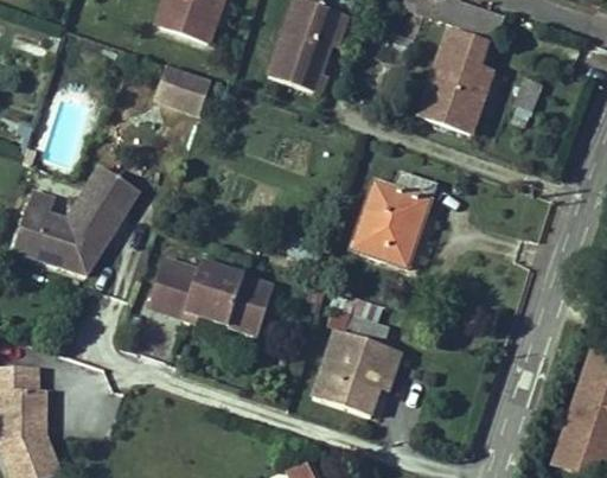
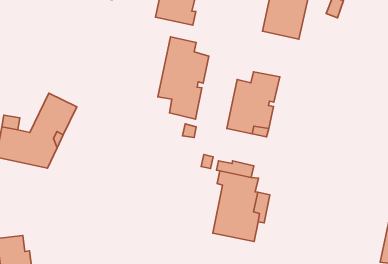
building: [154,64,211,114] -> none
building: none -> [158,37,209,119]
building: [148,257,273,334] -> none

